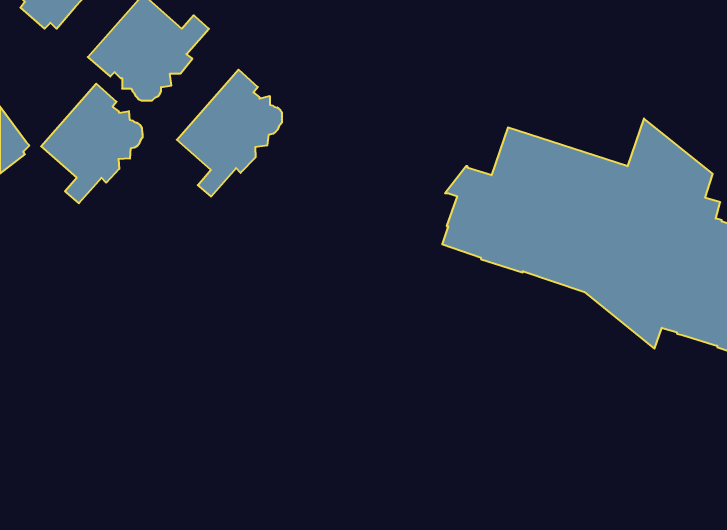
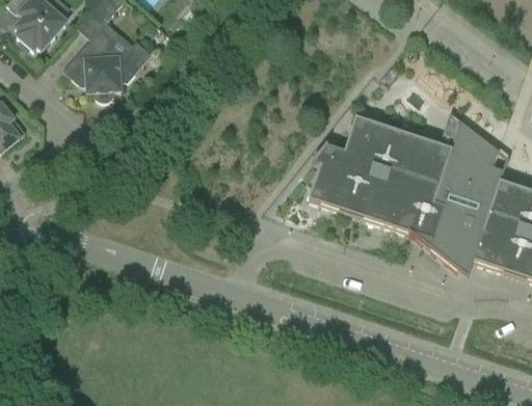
building: [177,70,282,197] -> none
building: [41,84,143,203] -> none

